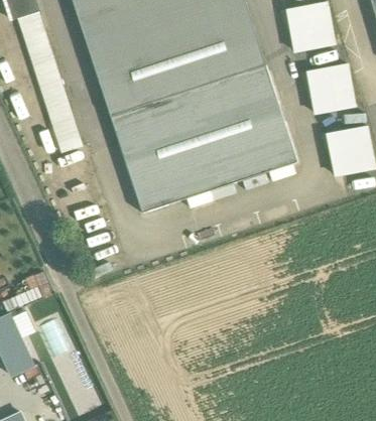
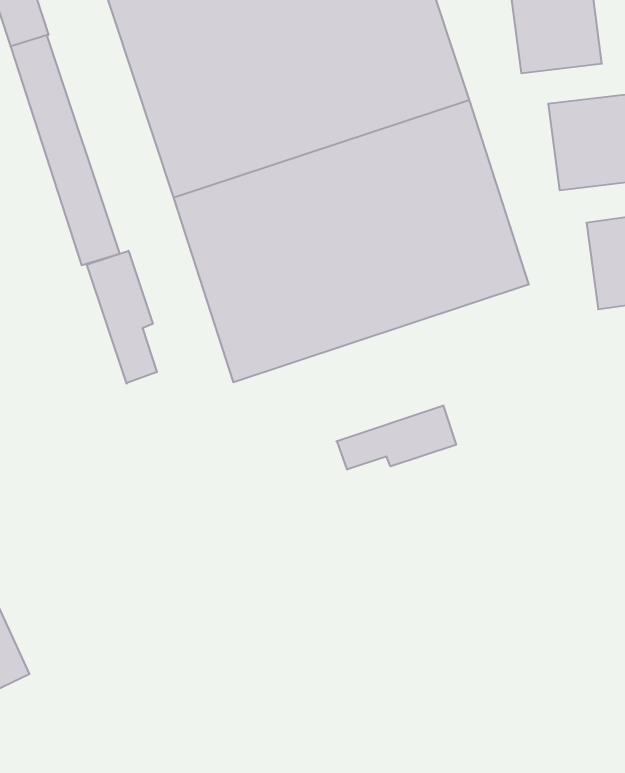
building: none -> [87,251,157,384]
building: none -> [336,405,456,470]

